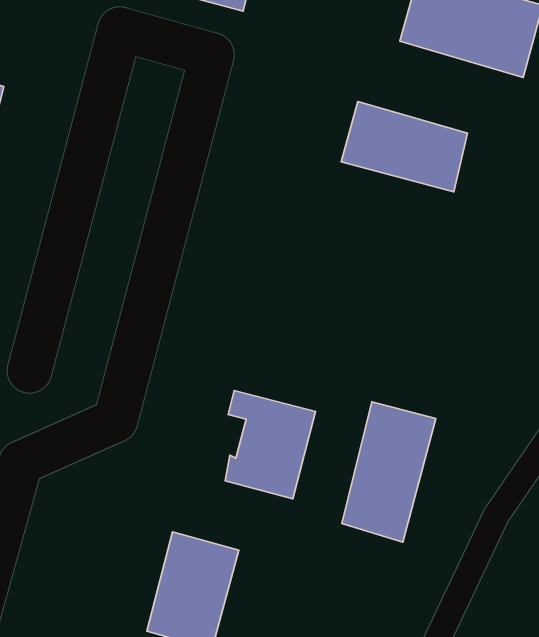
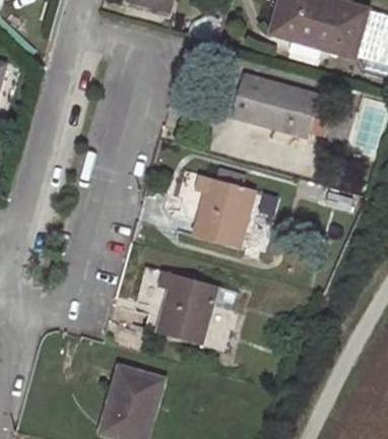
building: none -> [195,174,254,246]
building: [342,402,436,542] -> none

